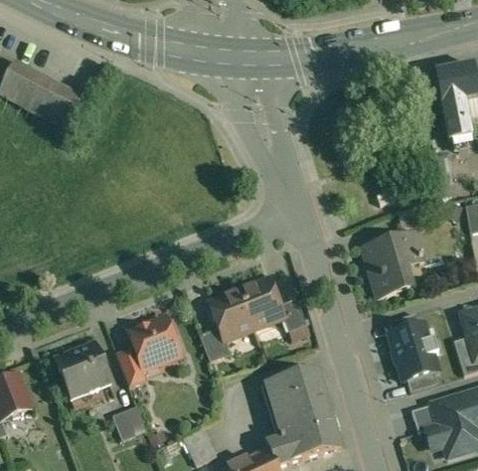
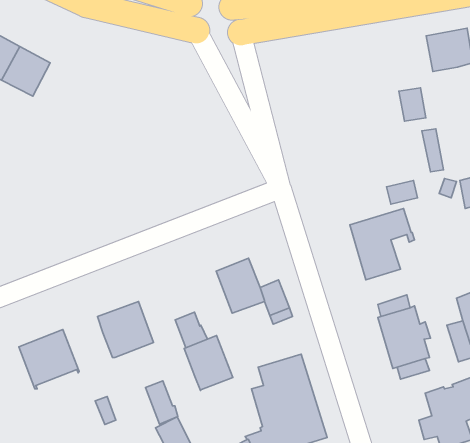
building: [443,100,468,131] -> [399,88,426,121]
building: [207,290,253,341] -> [184,336,233,391]
building: [116,347,146,387] -> [146,381,178,424]
building: [412,404,439,431] -> none

